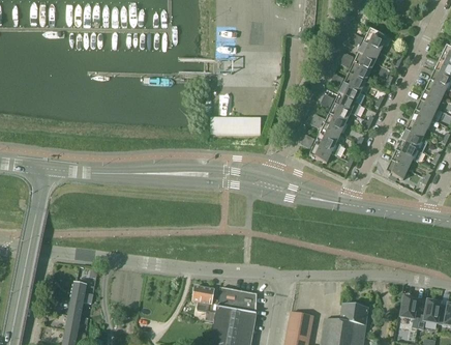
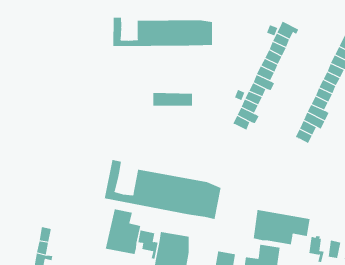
building: none -> [113,17,213,47]
building: none -> [104,159,221,220]
building: none -> [105,209,141,255]
building: none -> [253,209,310,245]

